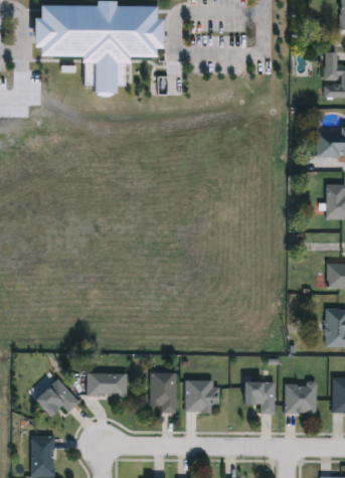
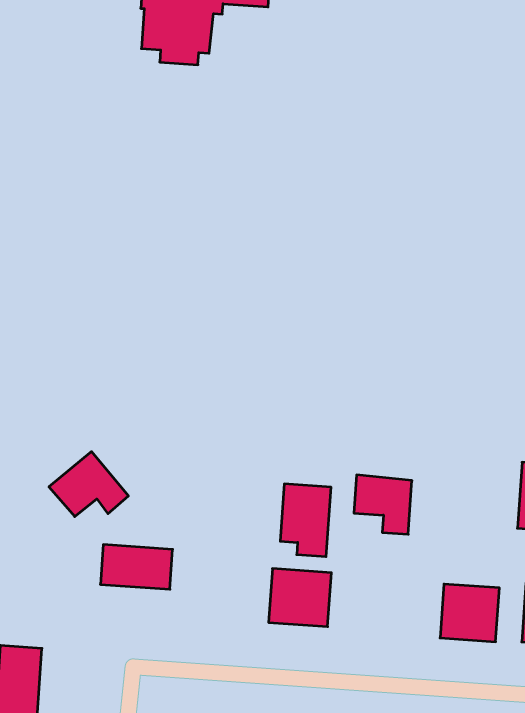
building: [150,372,177,413] -> [280,484,331,557]
building: [33,378,79,417] -> [49,452,128,517]
building: [242,381,275,414] -> [354,475,412,534]

